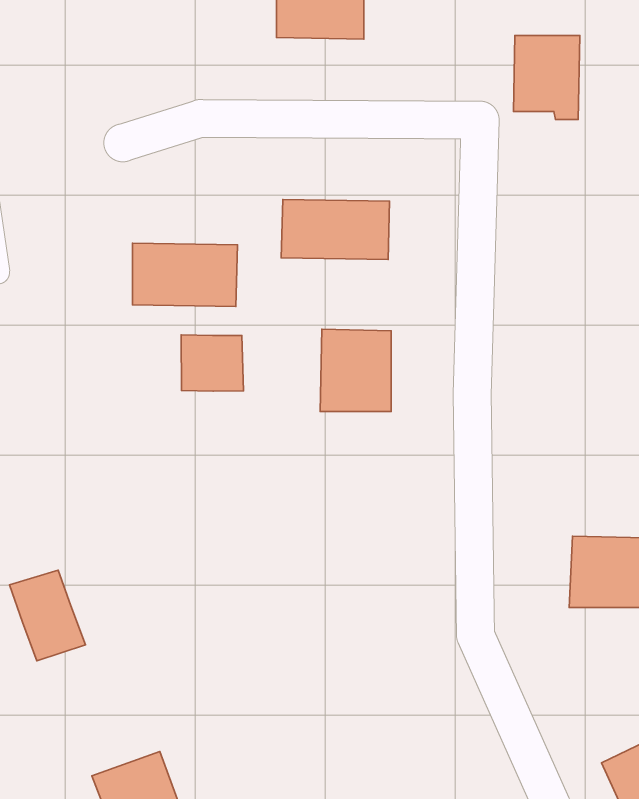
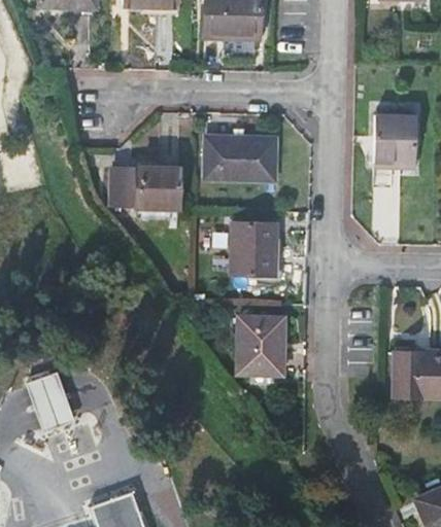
building: [513,35,580,120] -> [375,116,417,170]
building: [181,335,243,391] -> none
building: none -> [240,313,280,372]

